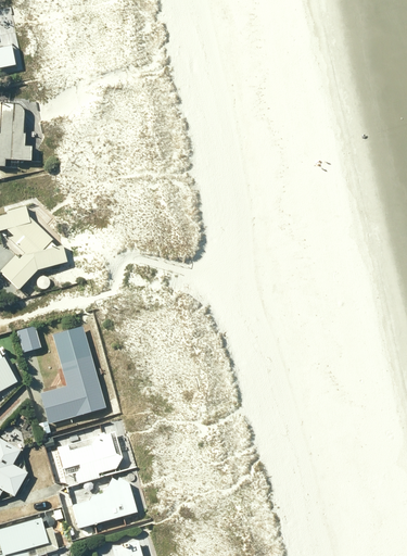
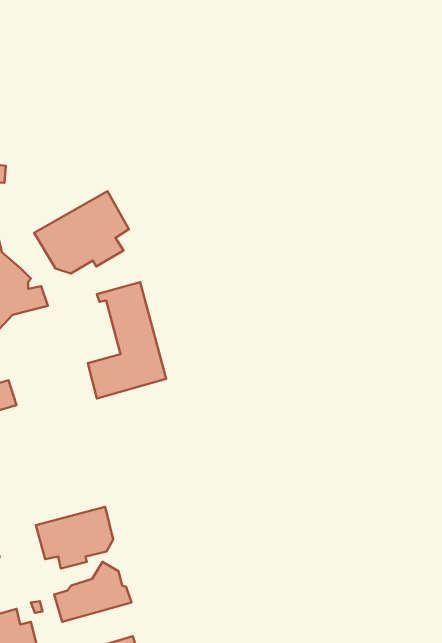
building: none -> [34,191,129,273]
building: [40,325,105,421] -> [88,282,166,399]

